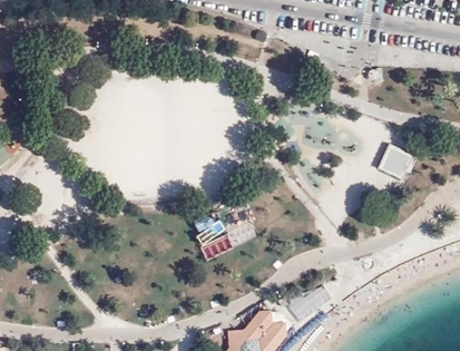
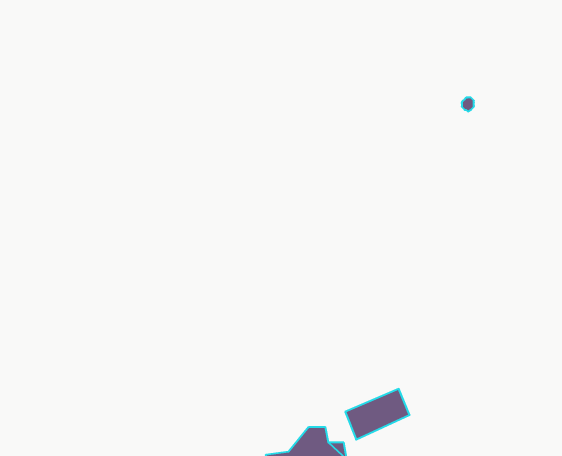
building: [378,143,413,177] -> none

